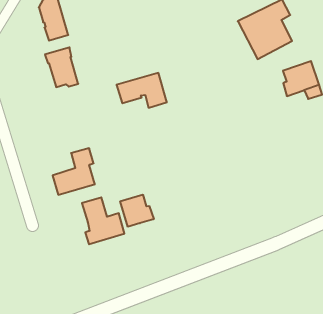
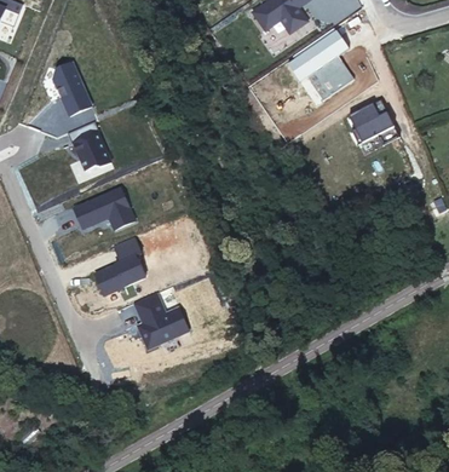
building: [116,73,167,108] -> [73,188,134,230]
building: [120,195,154,227] -> none

